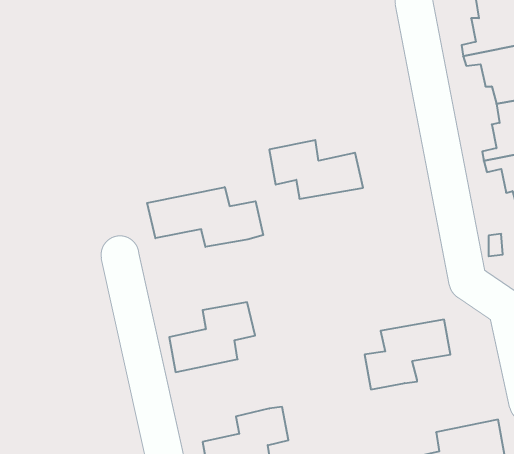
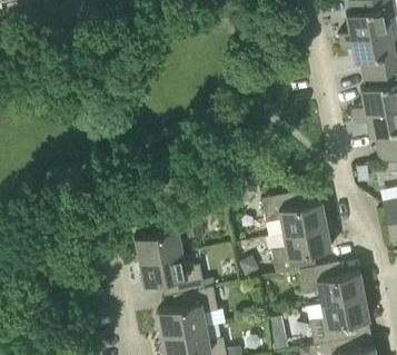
building: [269,140,363,199] -> [261,193,327,234]
building: [147,187,263,247] -> none
building: none -> [139,254,205,295]
building: none -> [299,264,365,305]

